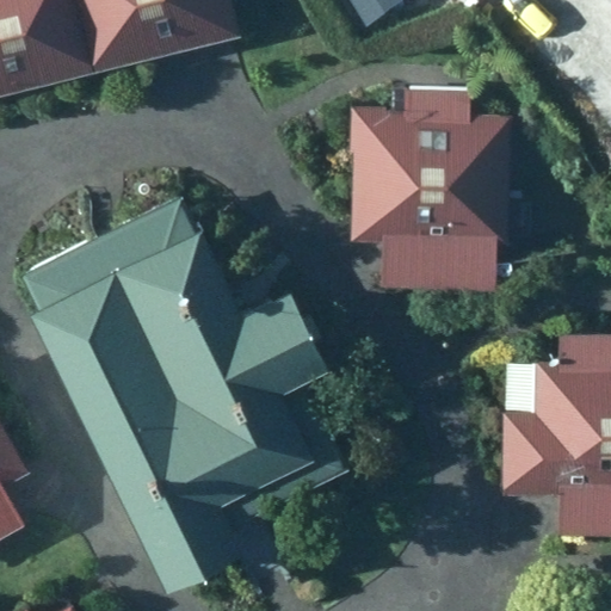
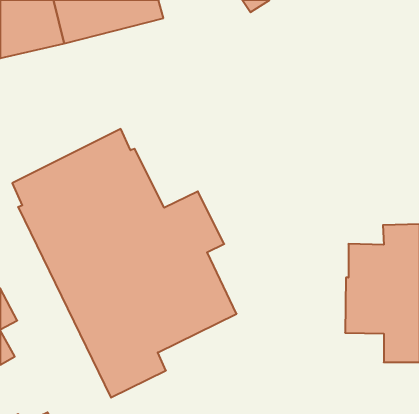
building: [350,90,510,289] -> none

